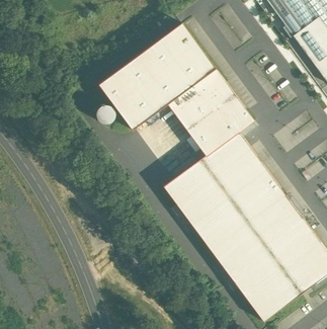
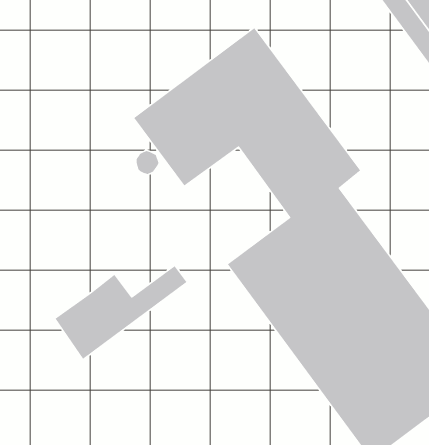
building: none -> [54,265,187,360]

